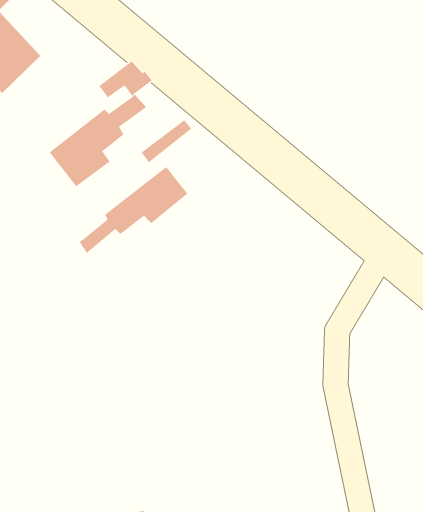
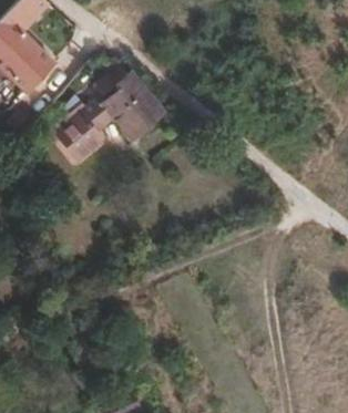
building: [79,166,188,254] -> none

